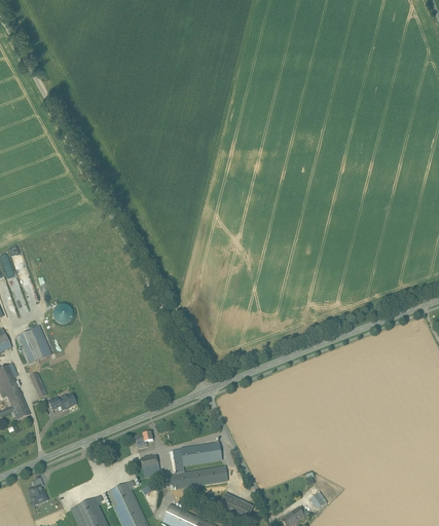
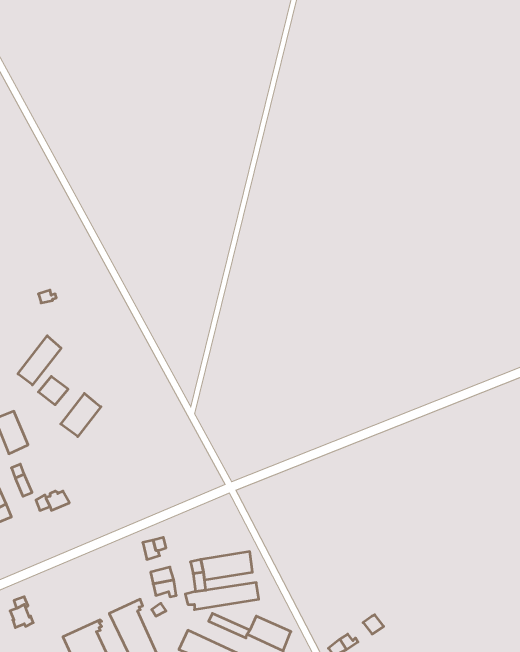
building: none -> [18,336,61,385]
building: none -> [61,393,101,437]

